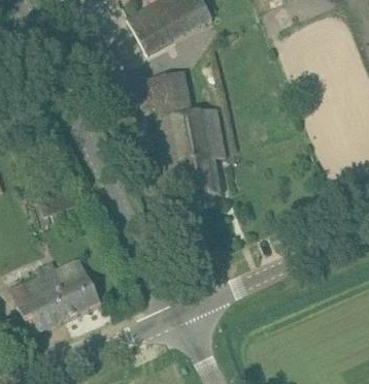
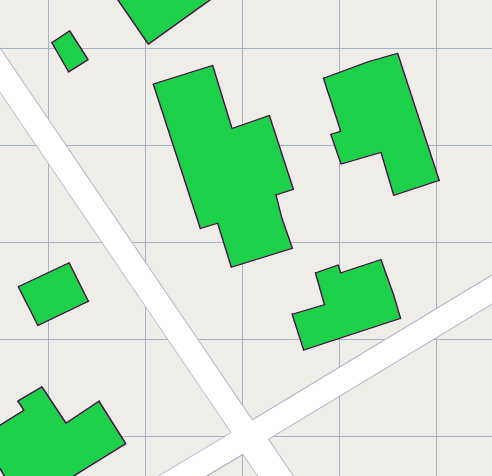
building: none -> [323,53,439,195]
building: none -> [292,260,400,350]

